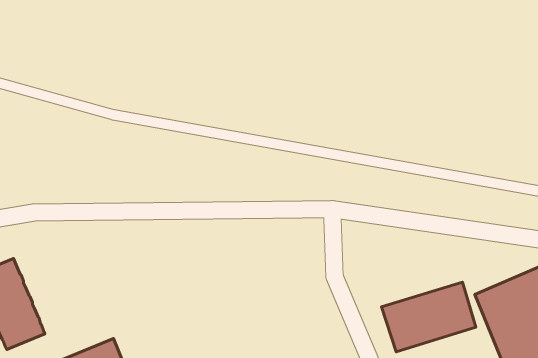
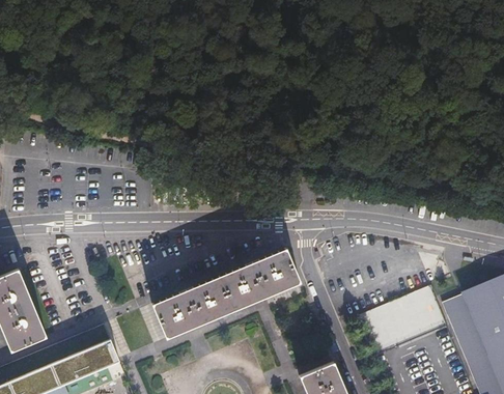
building: none -> [151,248,300,338]

